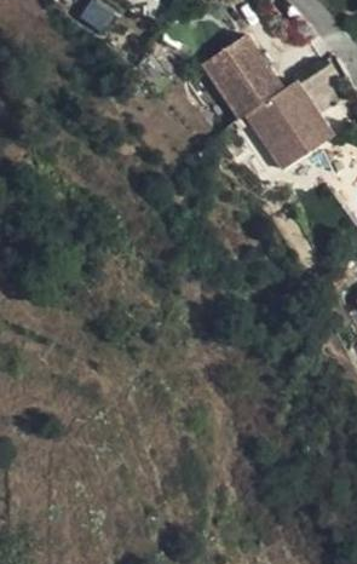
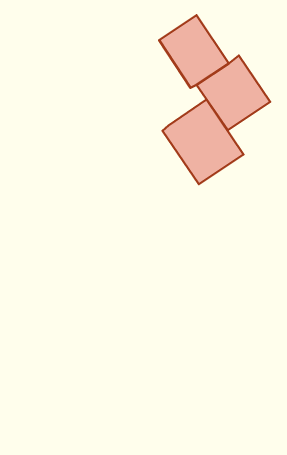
building: none -> [162,99,244,184]

